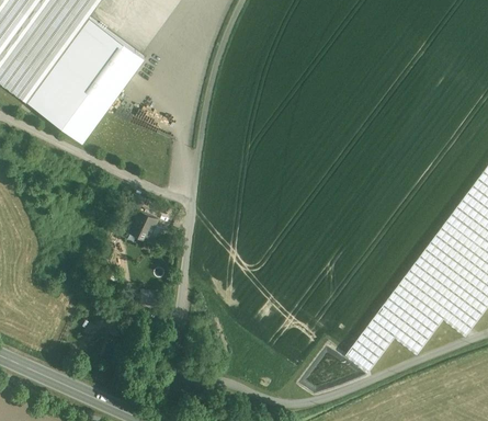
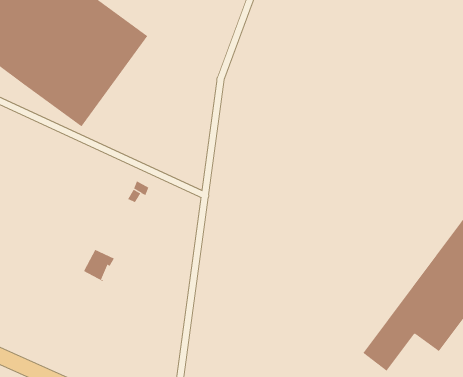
building: [128,211,158,241] -> [83,249,115,282]

